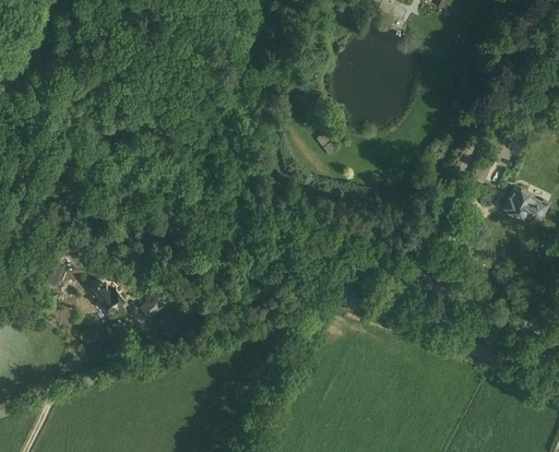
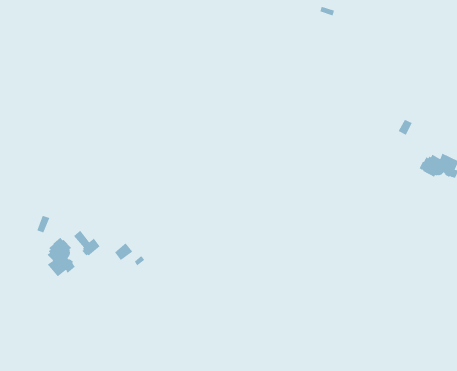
building: none -> [46,237,76,277]

